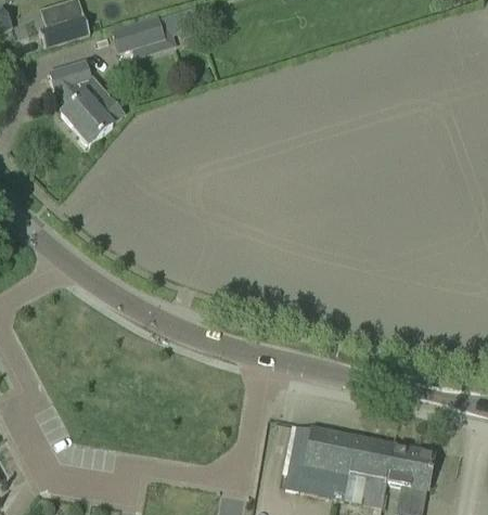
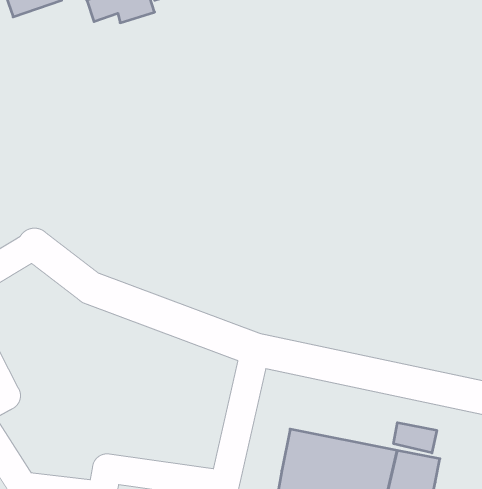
building: [50,60,123,143] -> none
building: none -> [394,423,437,453]

